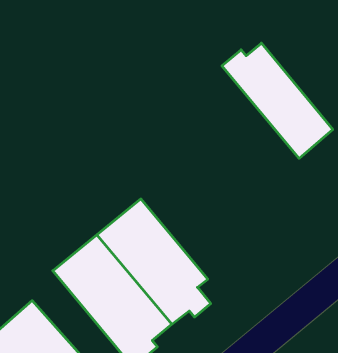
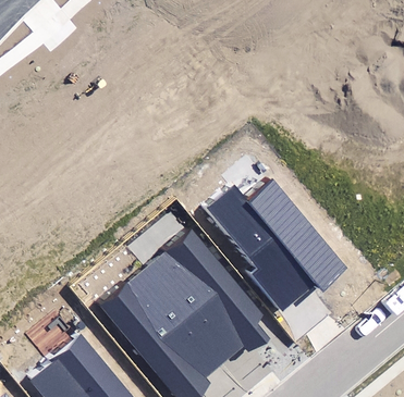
building: [222,43,333,158] -> none
building: none -> [206,176,350,310]

